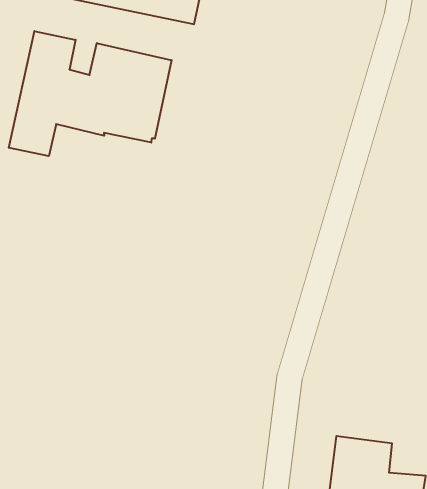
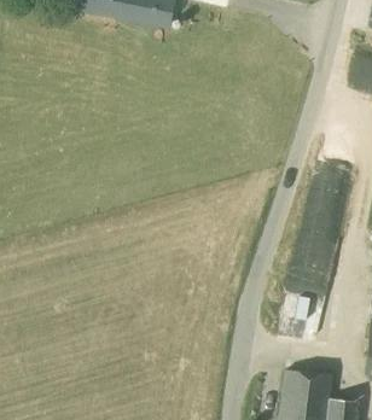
building: [9,31,172,156] -> none

